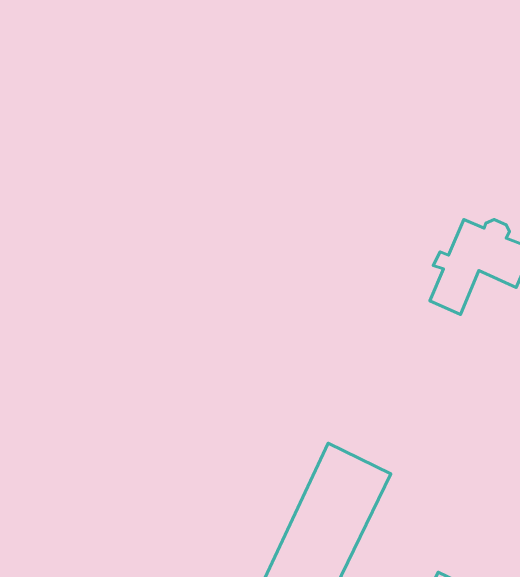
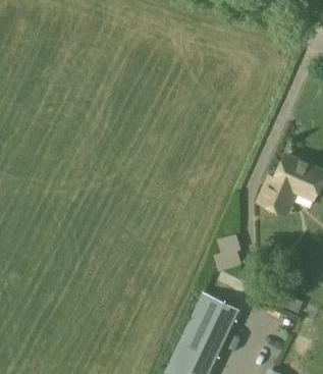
building: none -> [215,232,243,268]

